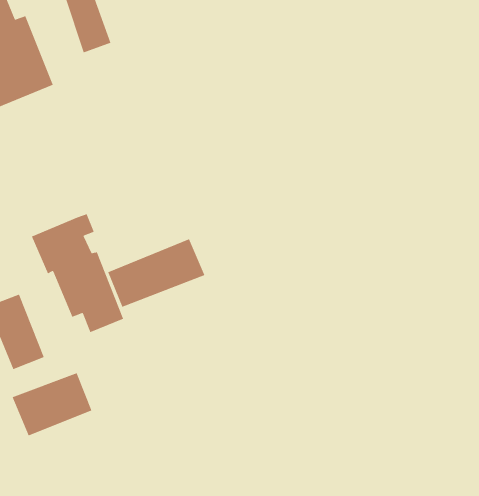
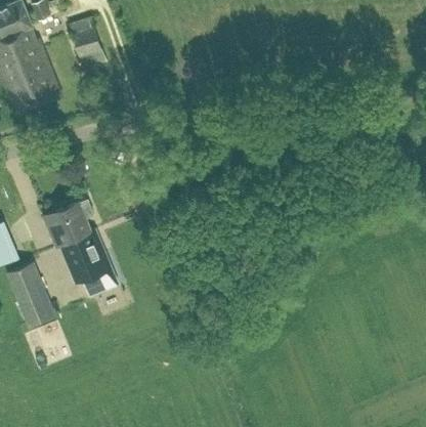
building: [107,238,205,308] -> none
building: [12,372,93,437] -> none

